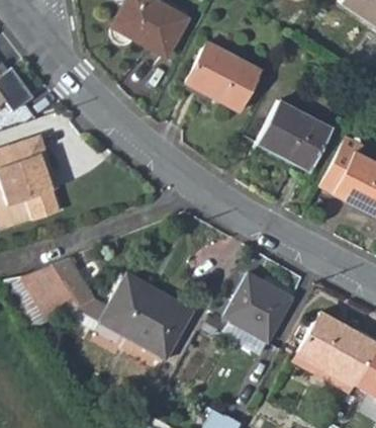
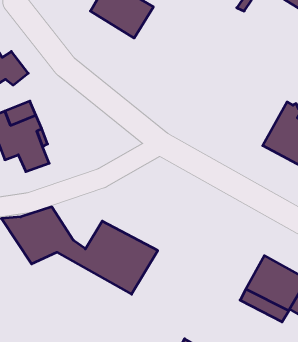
building: [186,39,261,107] -> none
building: [256,99,331,170] -> none
building: [227,275,294,341] -> none

